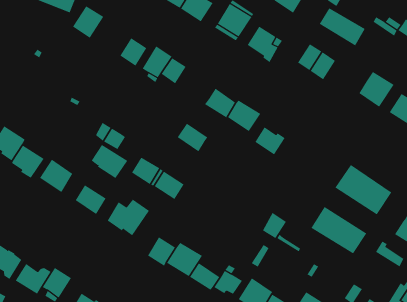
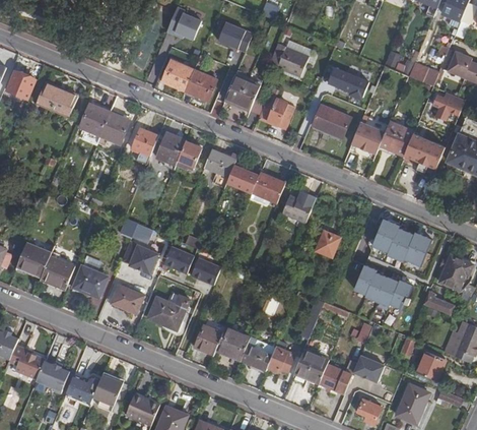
building: none -> [99,112,129,144]
building: none -> [350,122,384,155]
building: [177,123,208,152] -> [204,149,235,177]
building: [262,212,287,239] -> [315,230,338,256]

